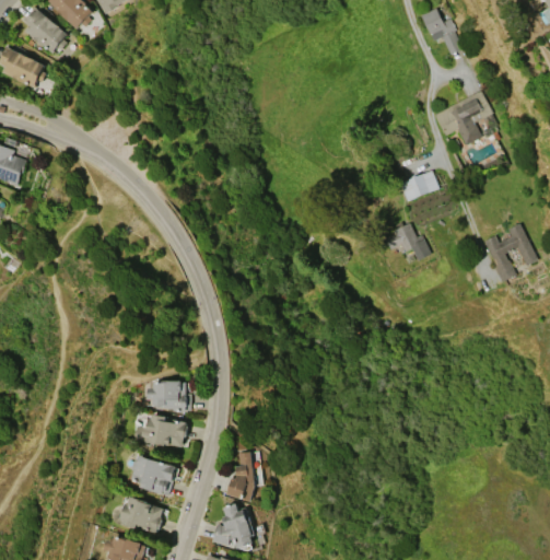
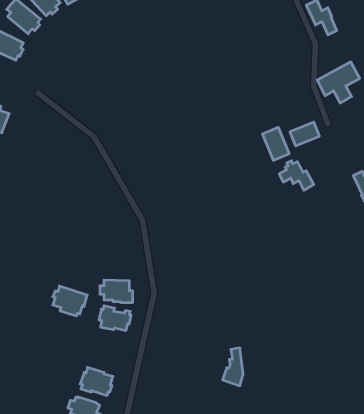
building: none -> [262,127,289,160]
building: [227,452,255,502] -> [223,348,243,386]
building: [130,455,176,494] -> [53,286,87,316]
building: [213,504,255,549] -> none

